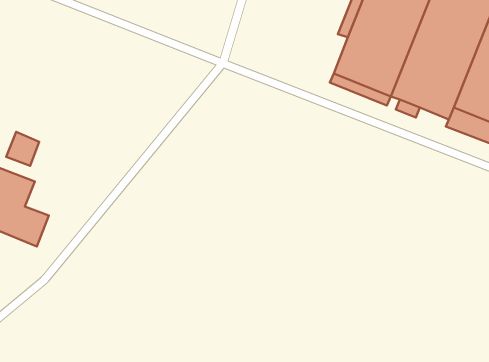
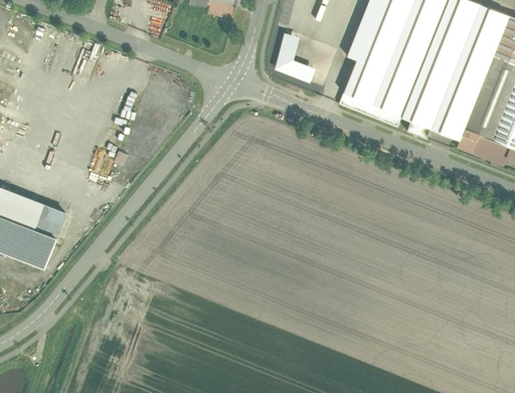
building: none -> [277,34,314,80]
building: [6,132,39,166] -> [32,203,65,237]

